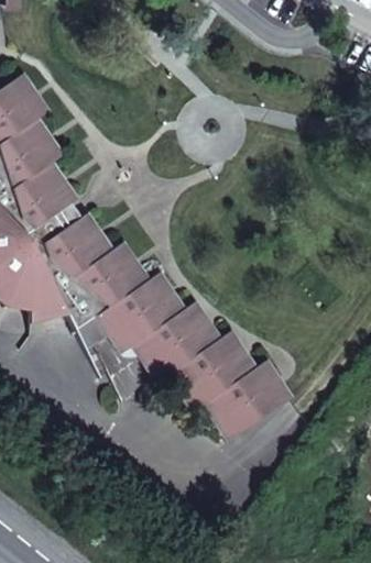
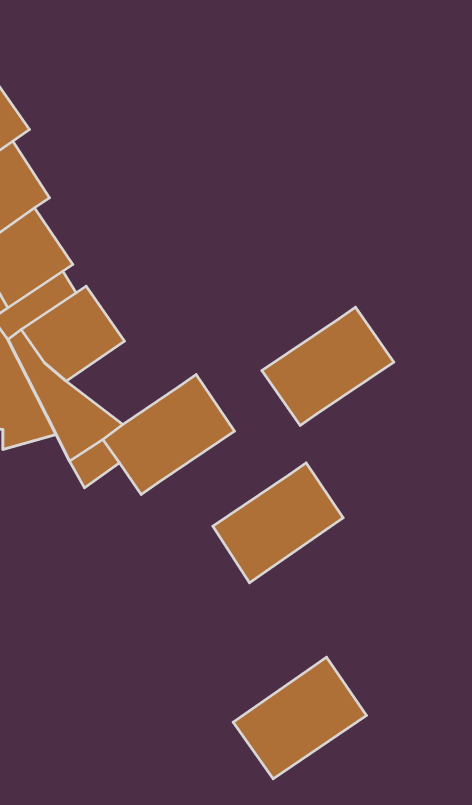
building: [73,242,148,305] -> none
building: [133,301,220,379] -> [262,307,394,426]
building: [205,358,293,439] -> [233,657,366,779]

